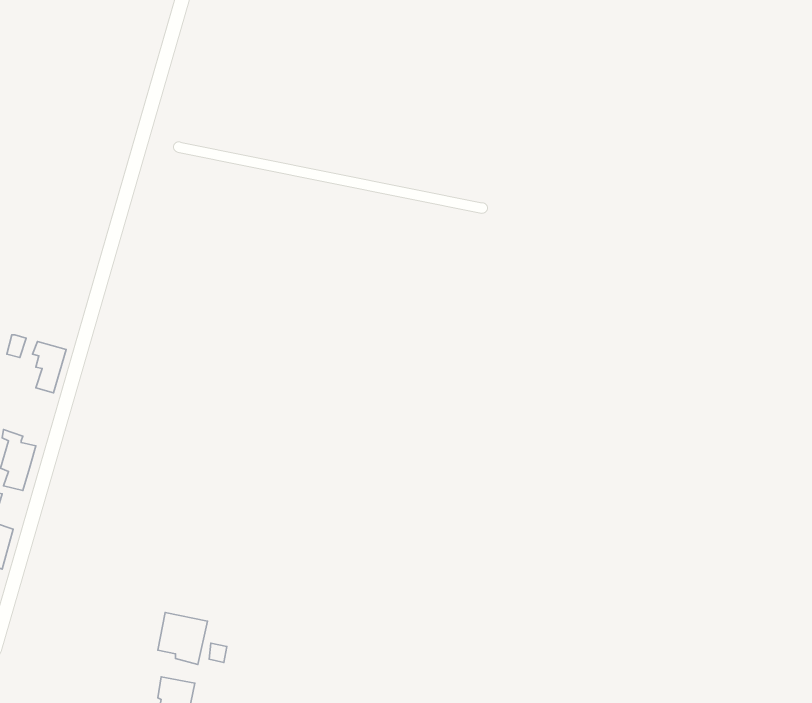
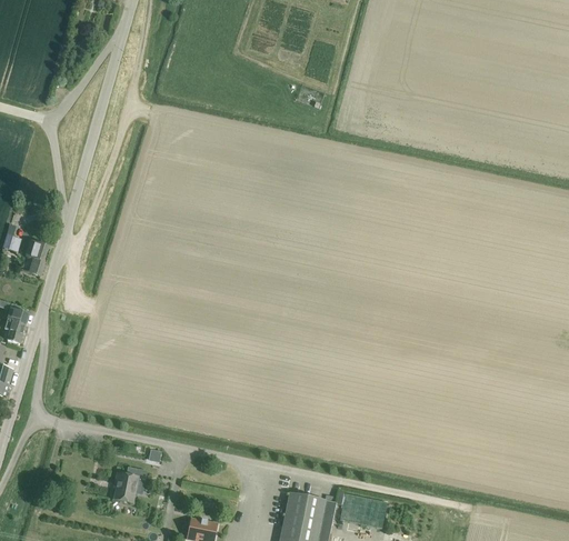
building: [158,613,207,665] -> none

